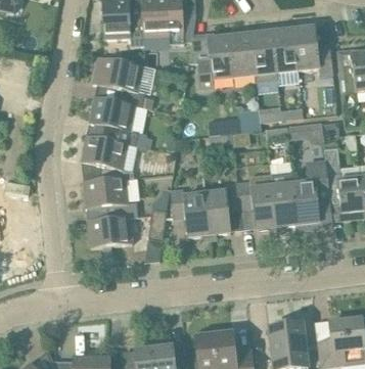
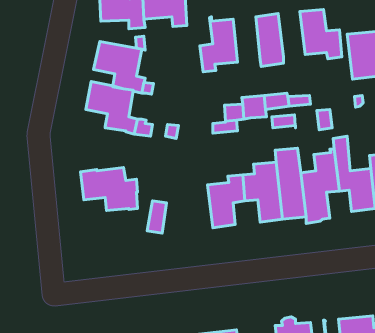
building: [272,29,298,72] -> none
building: [229,34,255,77] -> none
building: [82,134,134,180] -> none
building: [170,189,210,236] -> none
building: [88,216,132,246] -> none

